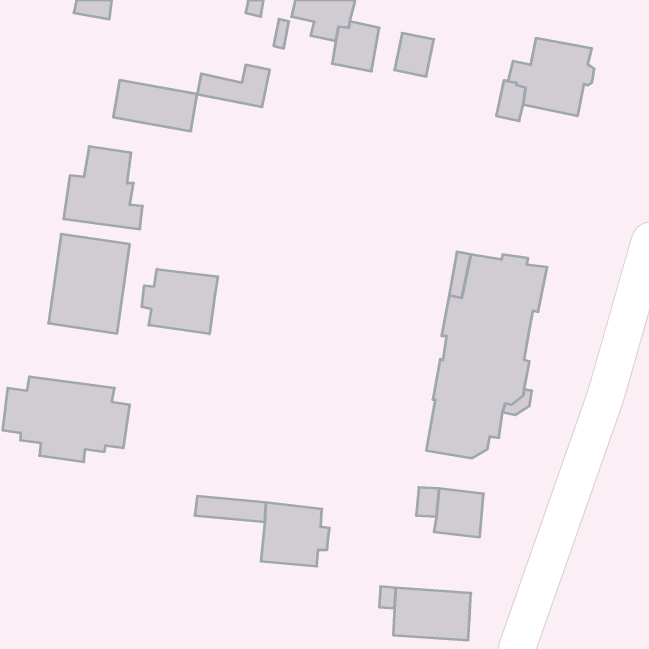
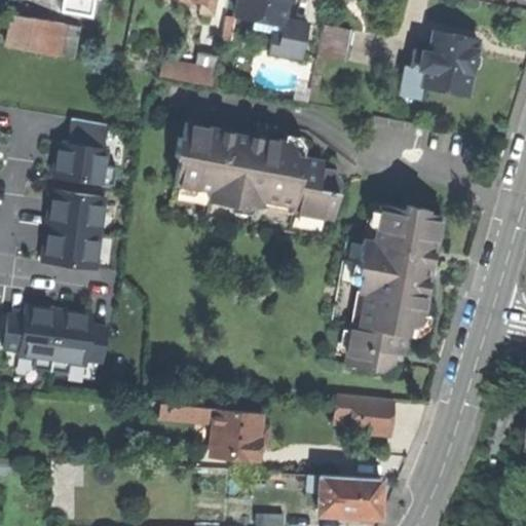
building: [113,80,197,131] -> [8,16,76,58]
building: none -> [175,123,341,220]
building: [142,269,218,334] -> none

